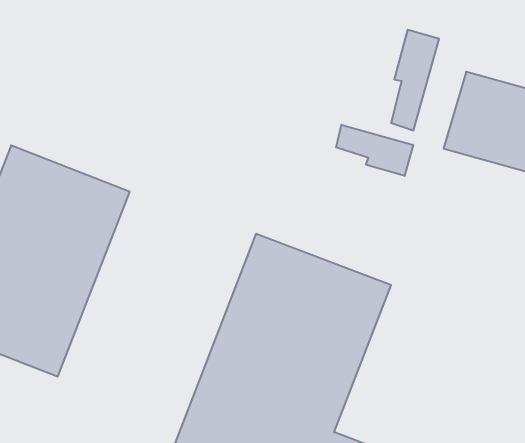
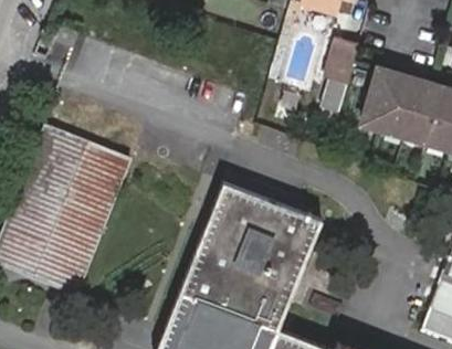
building: [336,125,413,176] -> none

